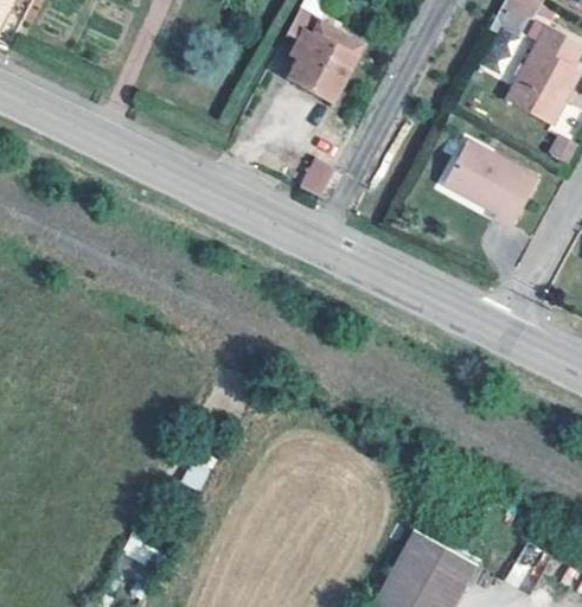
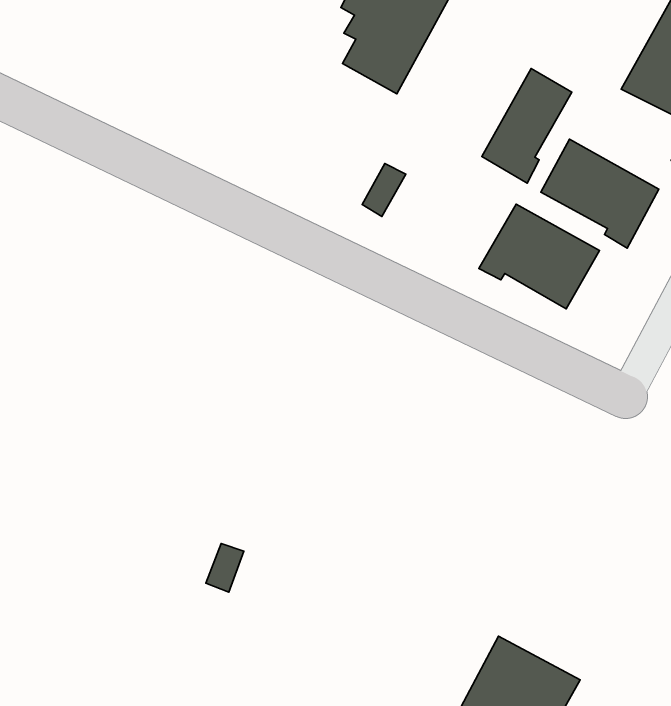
building: none -> [482,69,572,183]
building: none -> [479,204,599,309]

